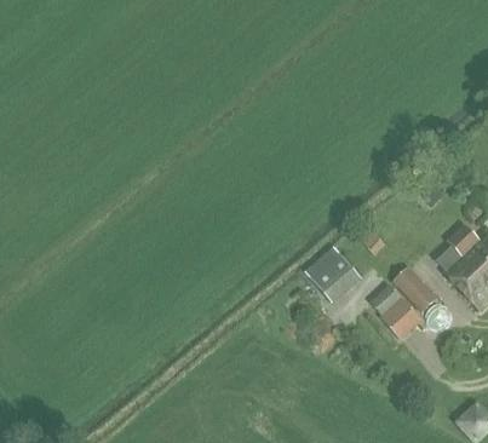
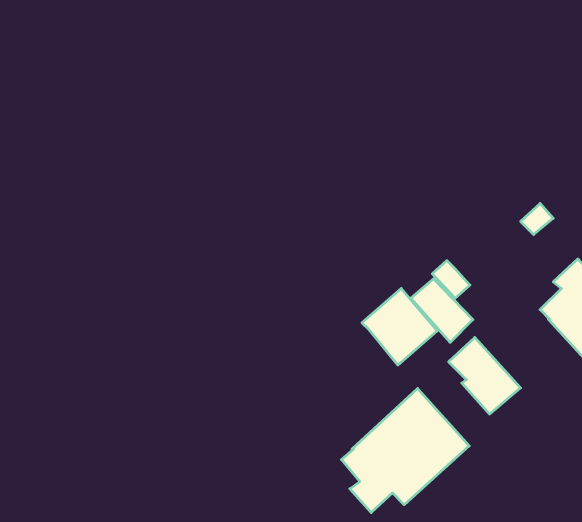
building: [392,266,438,313] -> [411,279,473,342]
building: none -> [341,388,469,513]

